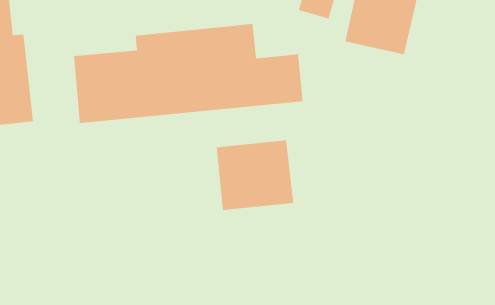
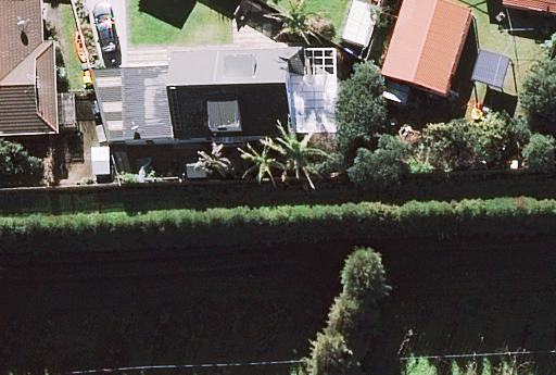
building: [216,140,294,211] -> none

